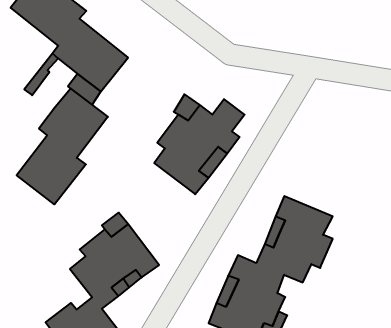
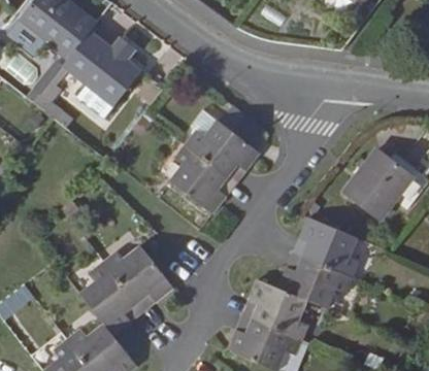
building: [17,88,108,204] -> none
building: none -> [340,148,415,223]

